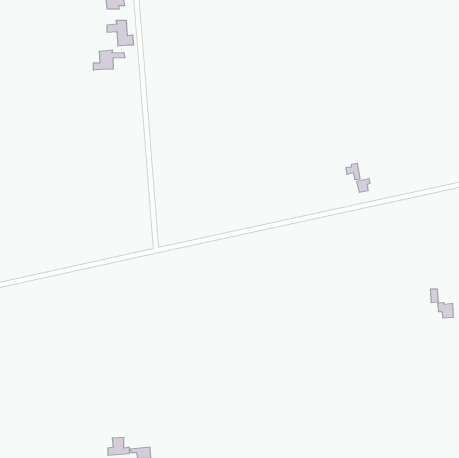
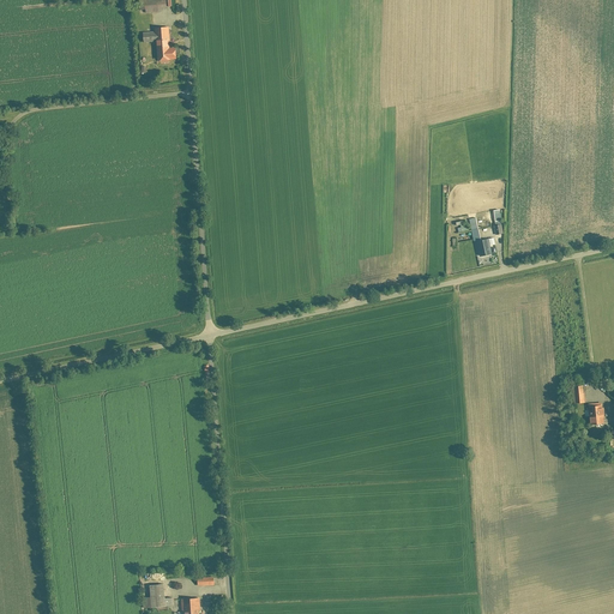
building: [94,50,125,70] -> none

